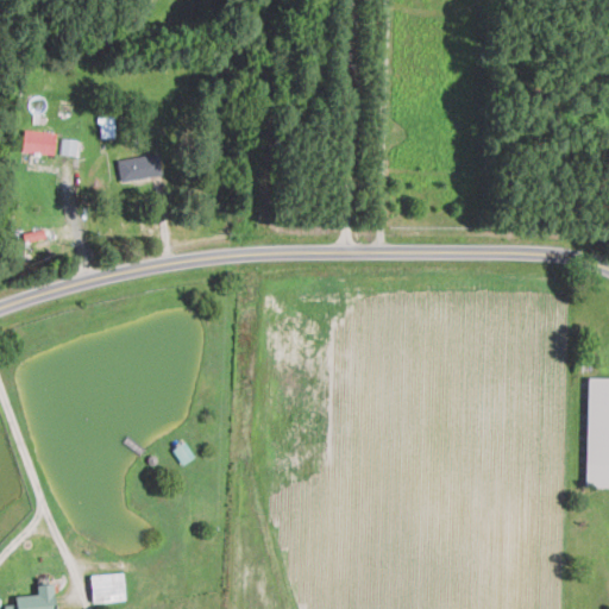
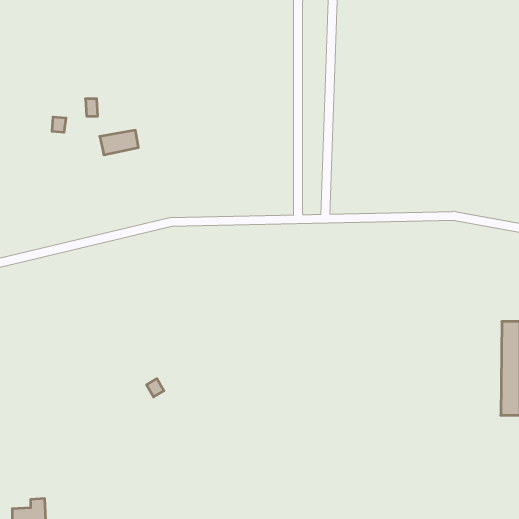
building: [24,131,56,153] -> none
building: [90,575,124,602] -> none

